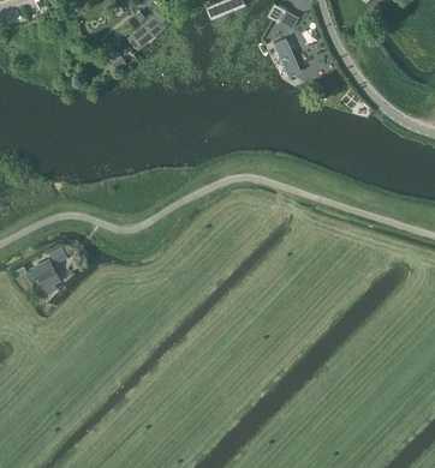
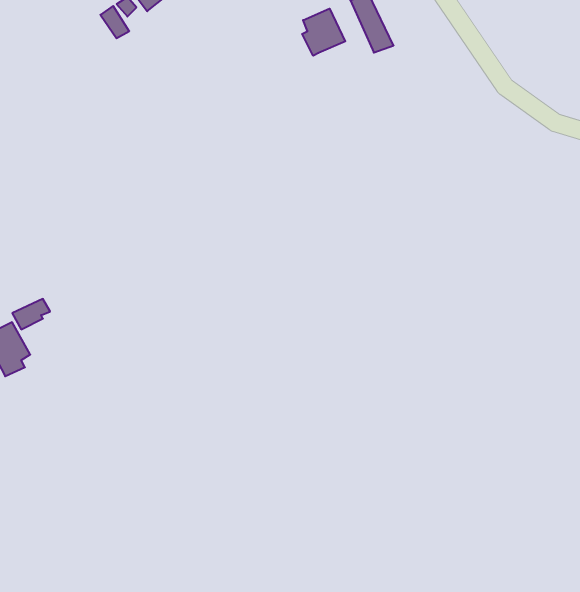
building: none -> [302,9,345,56]

